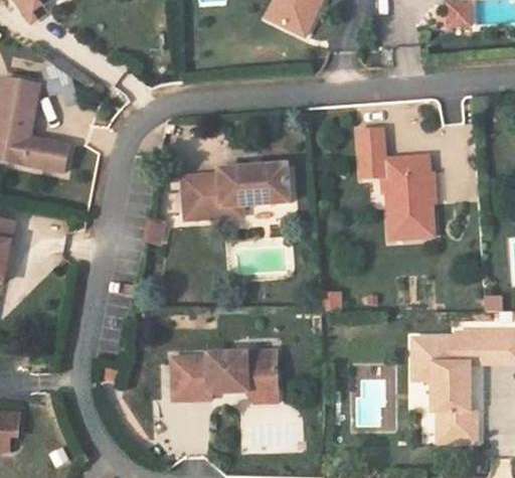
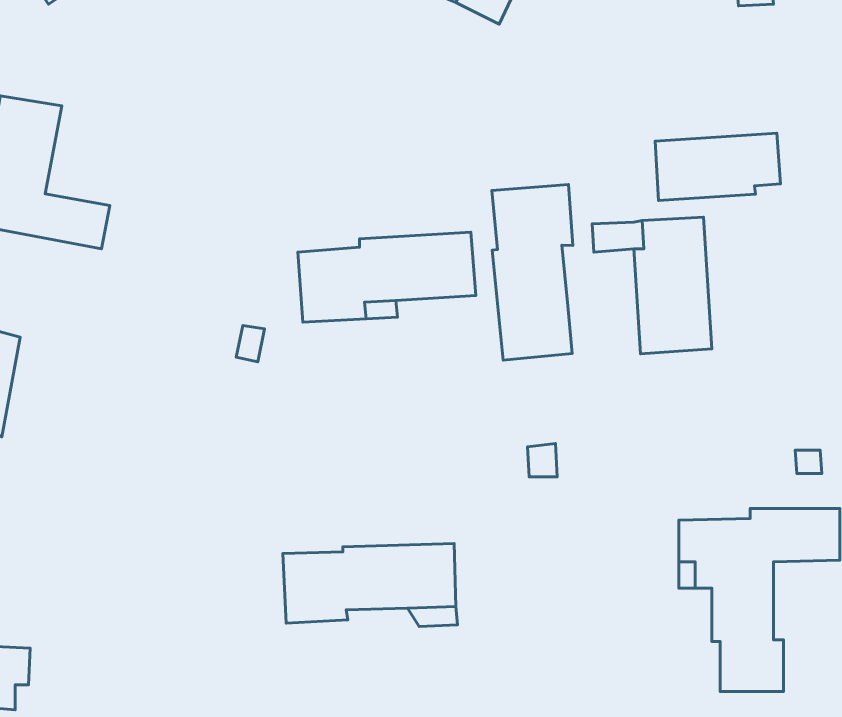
building: none -> [655,133,781,200]
building: [357,127,384,158] -> none
building: none -> [492,185,573,360]

